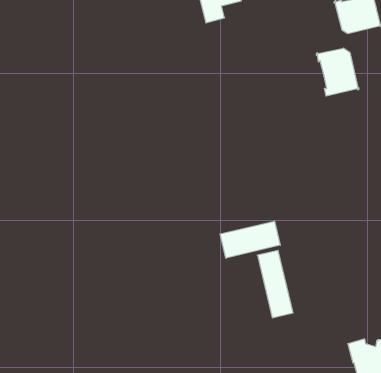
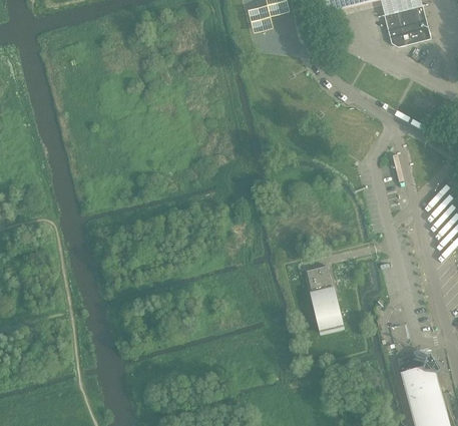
building: [316,48,359,96] -> none
building: [220,221,280,258] -> none

